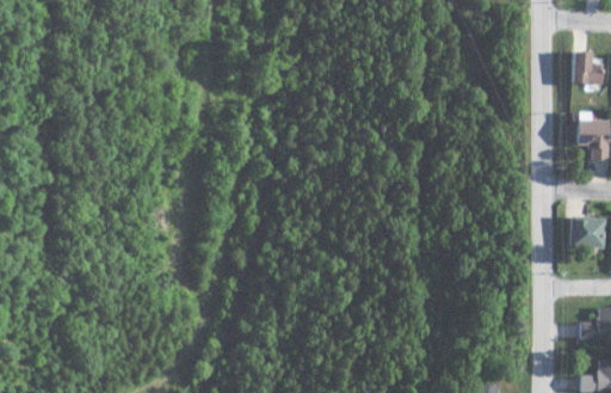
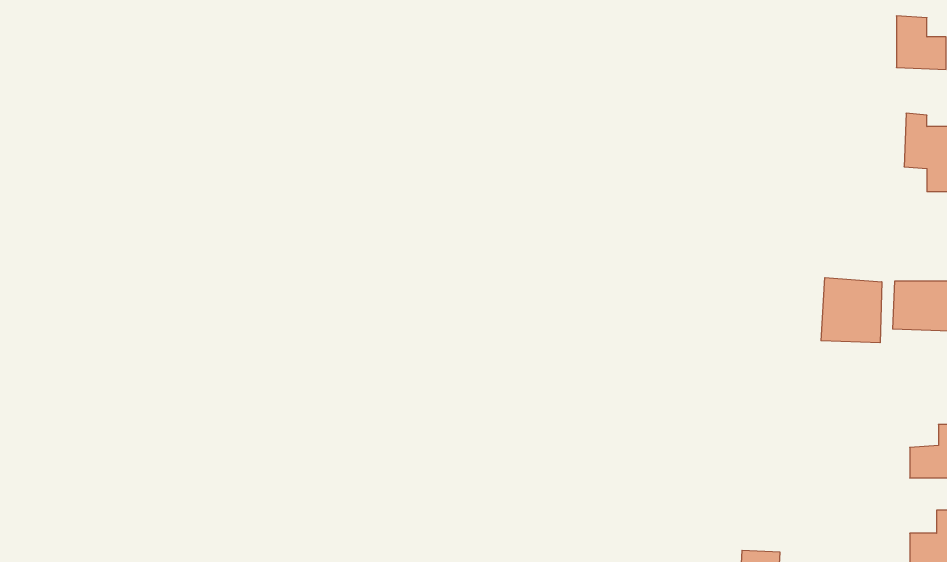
building: none -> [821,278,882,343]

